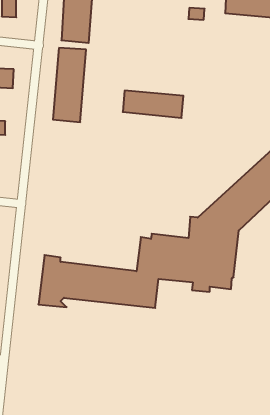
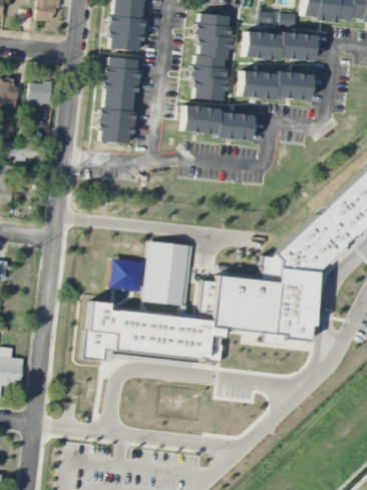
building: none -> [192,13,231,100]
building: none -> [244,31,314,61]
building: none -> [239,69,310,101]
building: none -> [141,241,191,306]

